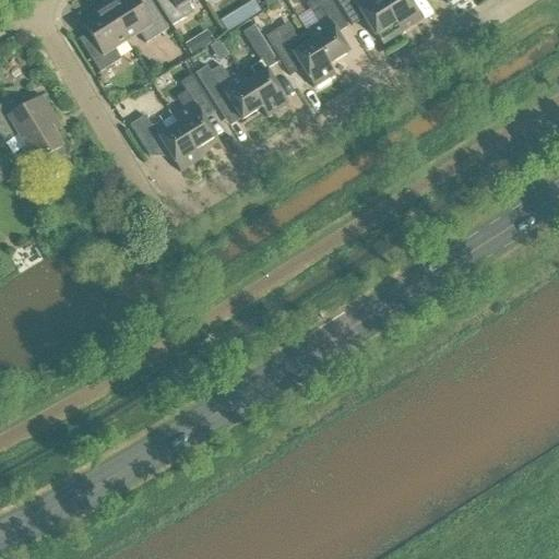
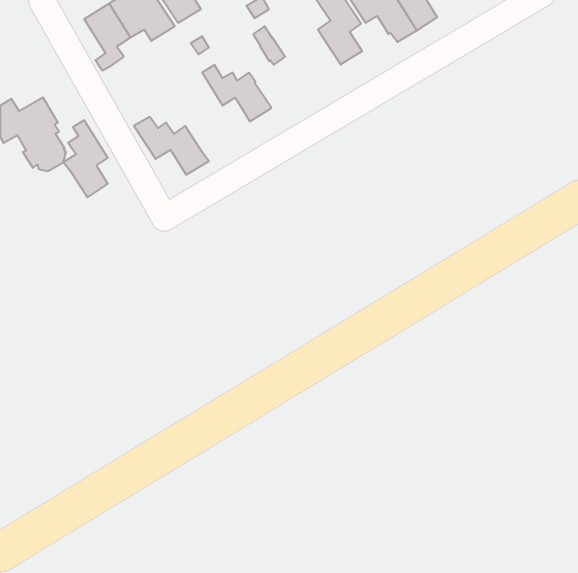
building: [266,25,336,84] -> none
building: [247,58,289,114] -> none
building: [174,72,216,146] -> [64,120,108,197]

